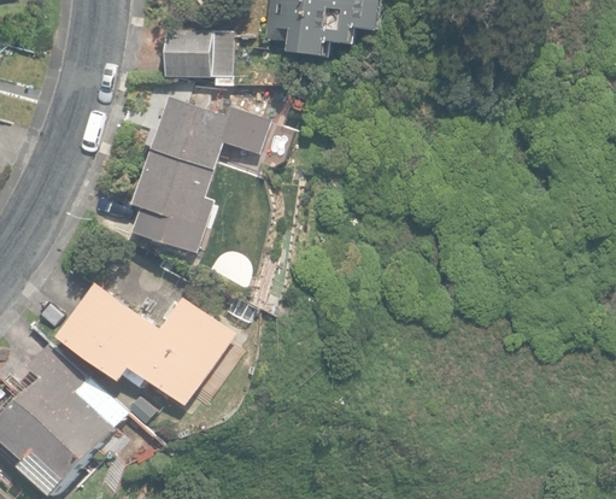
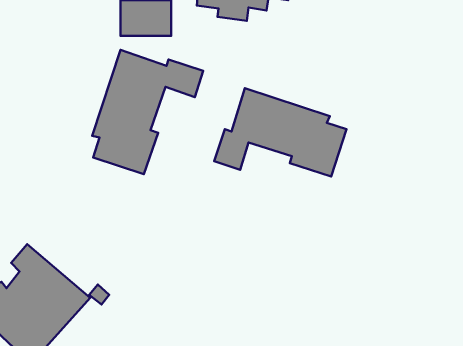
building: none -> [214,88,347,176]
building: [58,283,236,405] -> none

